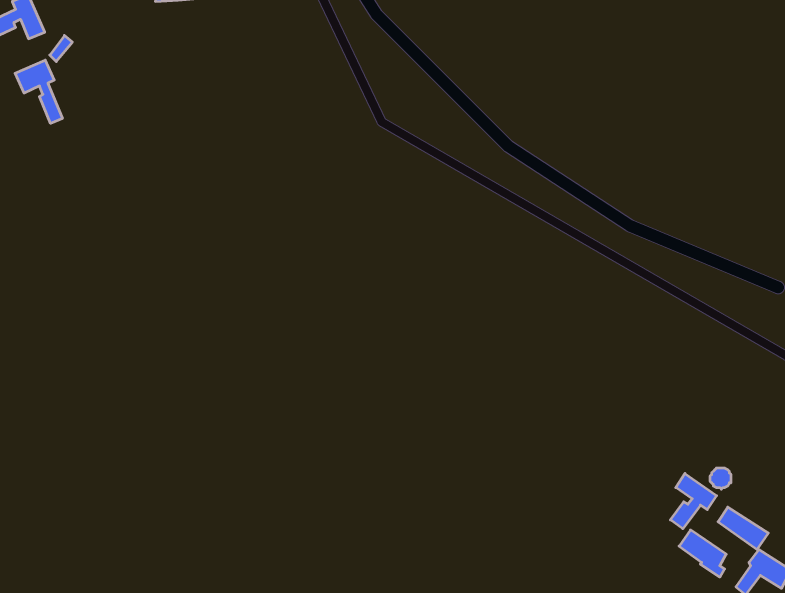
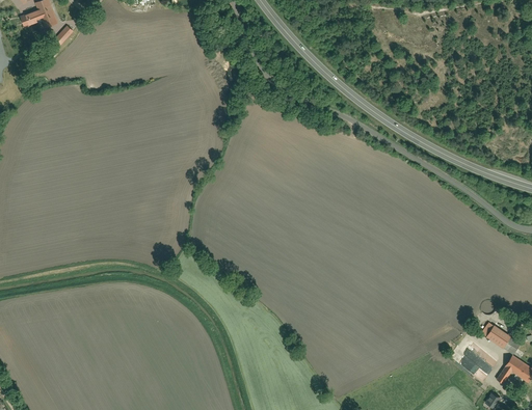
building: [15,60,62,123] -> none
building: [670,473,717,529] -> none

